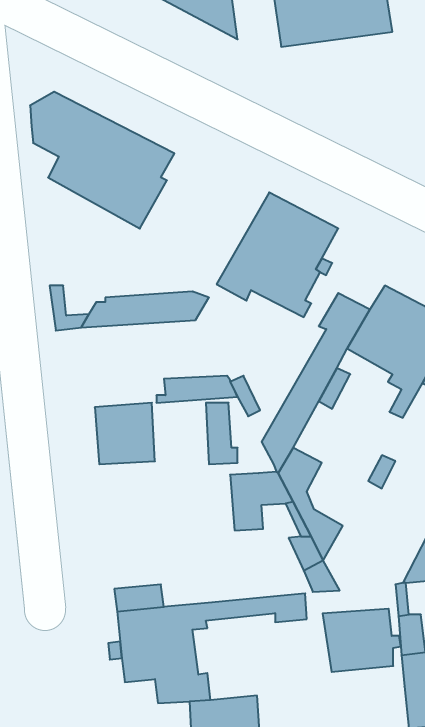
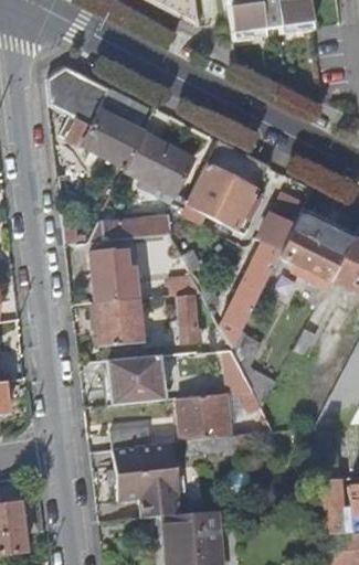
building: none -> [127,134,197,196]
building: none -> [91,248,137,300]
building: none -> [106,353,159,405]
building: [323,609,401,672] -> [175,397,232,444]

